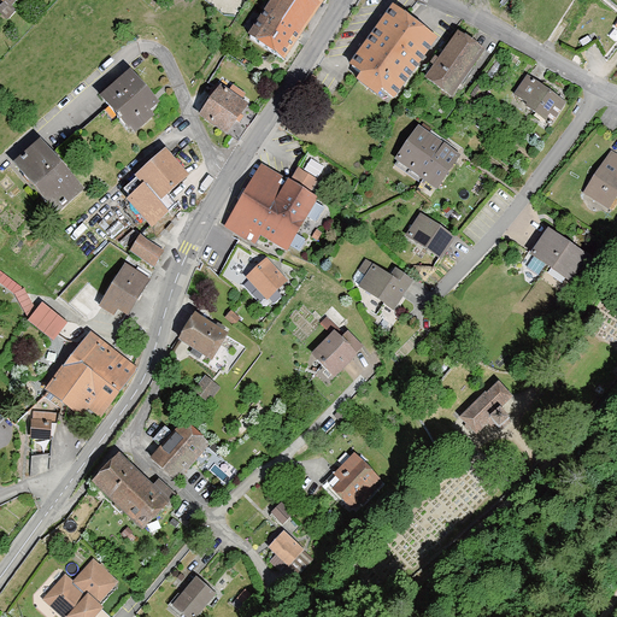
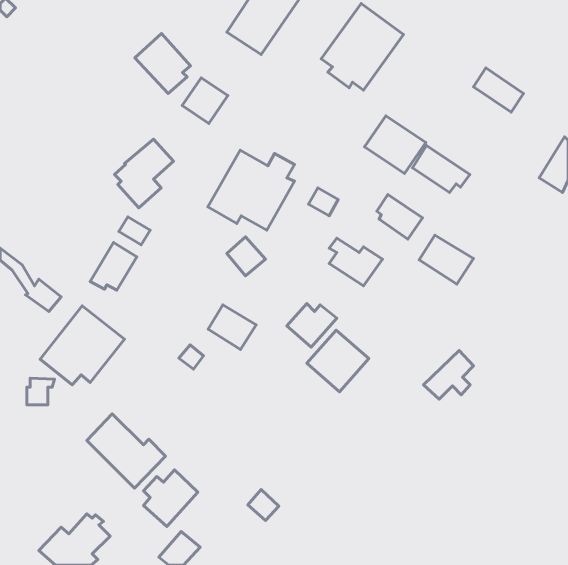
building: [425,30,484,95] -> none
building: [98,69,158,134] -> [135,33,190,94]
building: [10,139,82,215] -> none
building: none -> [412,146,470,193]
building: none -> [309,188,338,216]
building: [530,228,589,281] -> [419,235,474,284]
building: [177,311,229,359] -> [208,305,256,349]
building: none -> [307,330,369,392]
building: [152,417,211,478] -> [143,470,198,527]
building: [325,452,382,509] -> none

